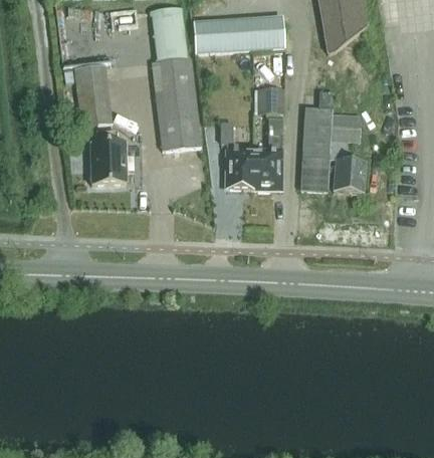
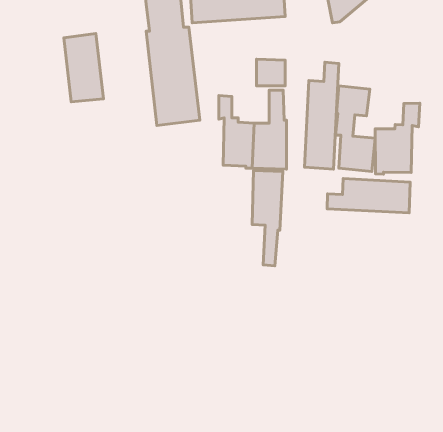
building: none -> [375,103,420,174]
building: [90,133,126,184] -> none
building: none -> [252,171,283,266]
building: none -> [327,179,410,213]

